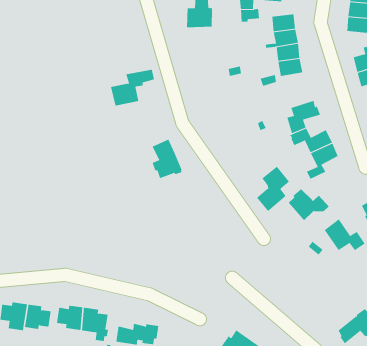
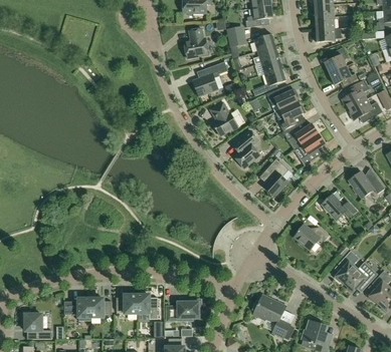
building: [110,69,155,106] -> [193,61,228,95]
building: none -> [266,88,299,109]
building: none -> [233,129,260,167]
building: [152,139,183,179] -> [210,101,238,134]
building: [288,188,330,221] -> [295,224,329,250]
building: none -> [335,250,360,283]

